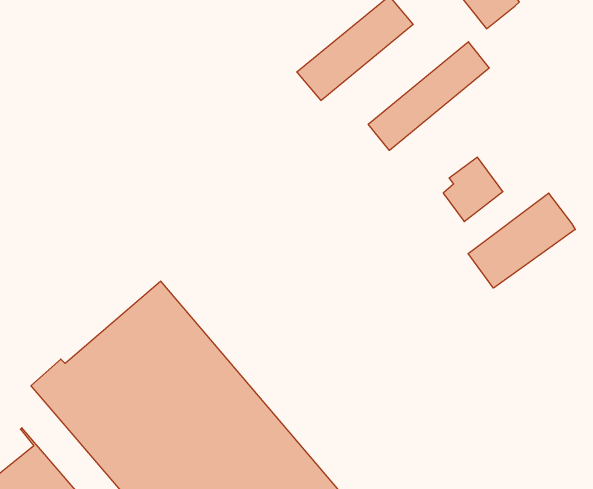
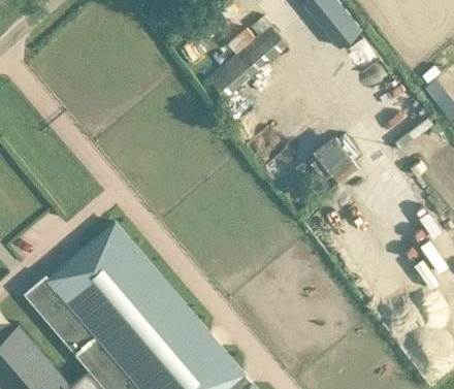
building: [368,42,489,150] -> none
building: [468,193,575,288] -> none

